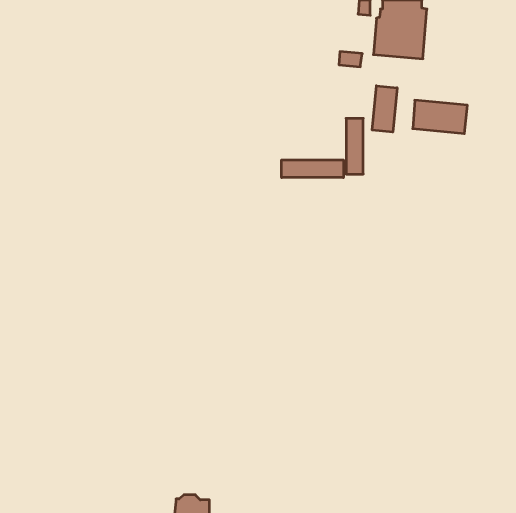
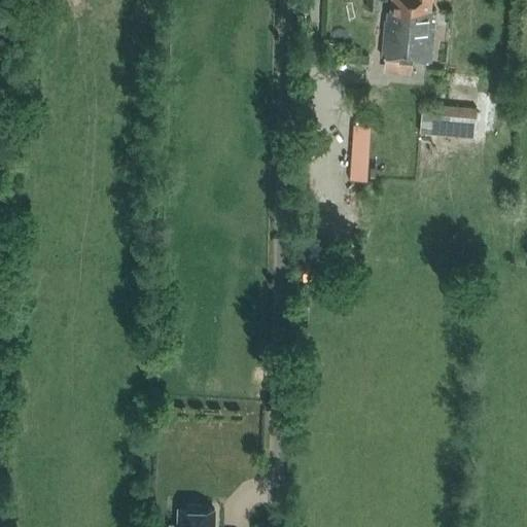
building: [372,86,397,132] -> none
building: [282,160,343,178] -> none

